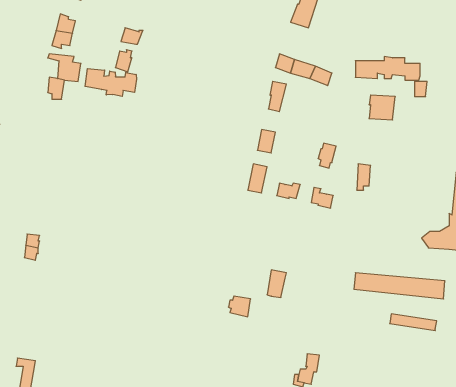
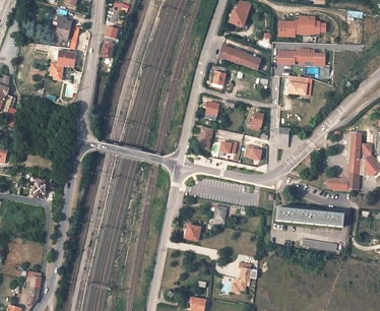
building: none -> [278,16,325,37]
building: [85,69,137,96] -> none

